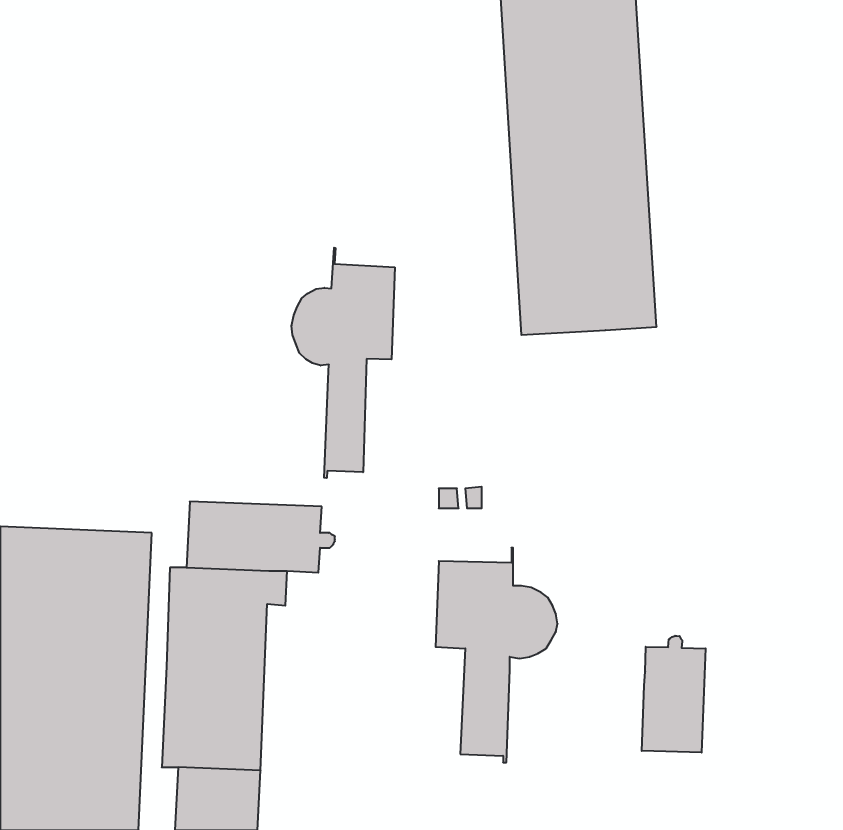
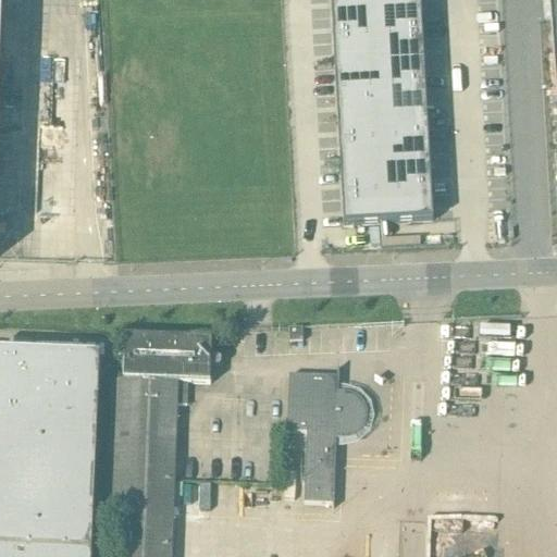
building: [292,248,395,478] -> none
building: [642,636,706,753] -> none

